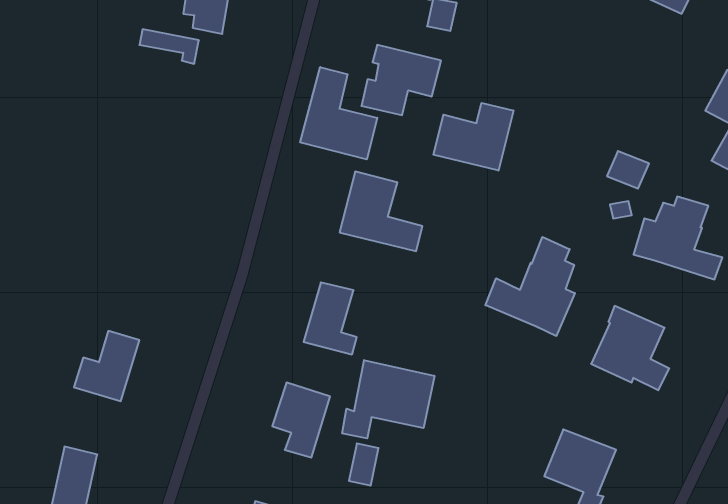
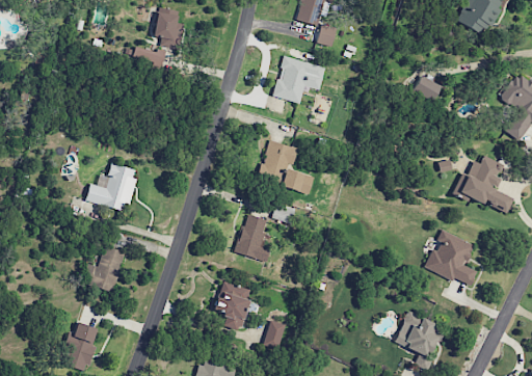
building: [300,67,377,159] -> none
building: [433,103,513,171] -> none
building: [607,151,649,189] -> [414,76,442,101]
building: none -> [86,163,138,211]
building: [485,237,575,336] -> none
building: [342,360,434,438] -> none

